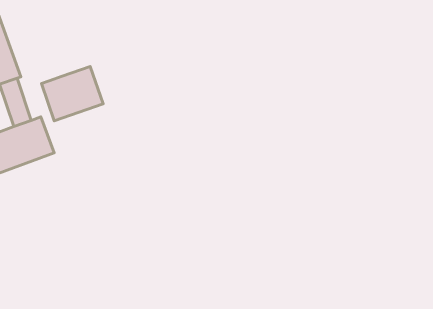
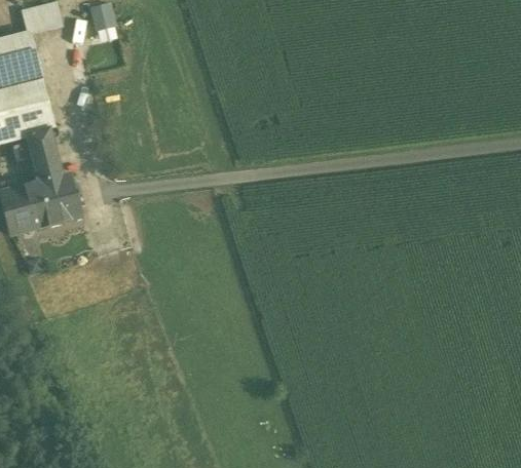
building: [41,67,103,121] -> none

